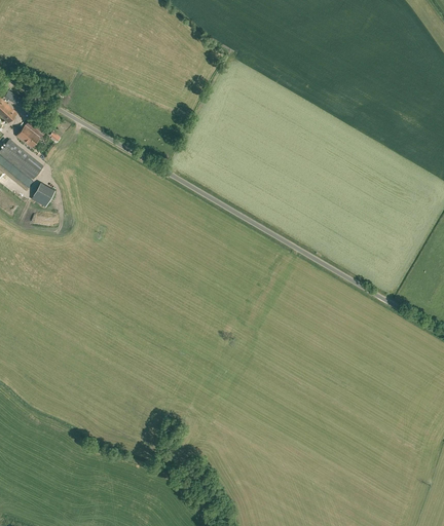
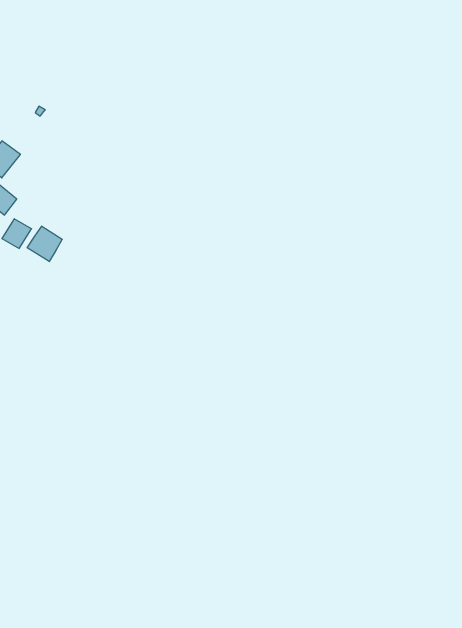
building: none -> [27,226,62,262]

